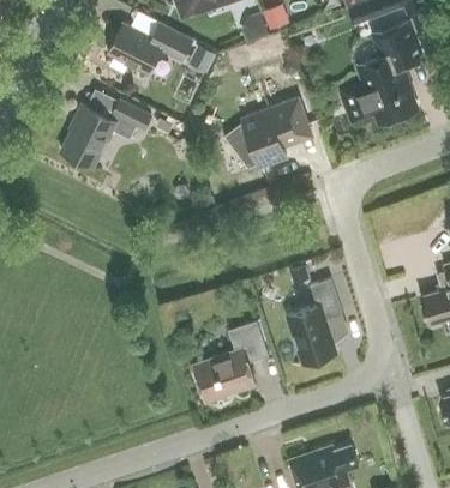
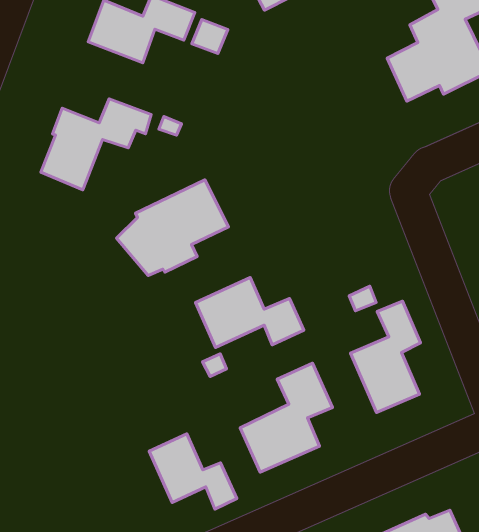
building: [226,98,313,168] -> [116,180,228,275]
building: none -> [195,278,304,348]
building: none -> [149,434,237,509]

